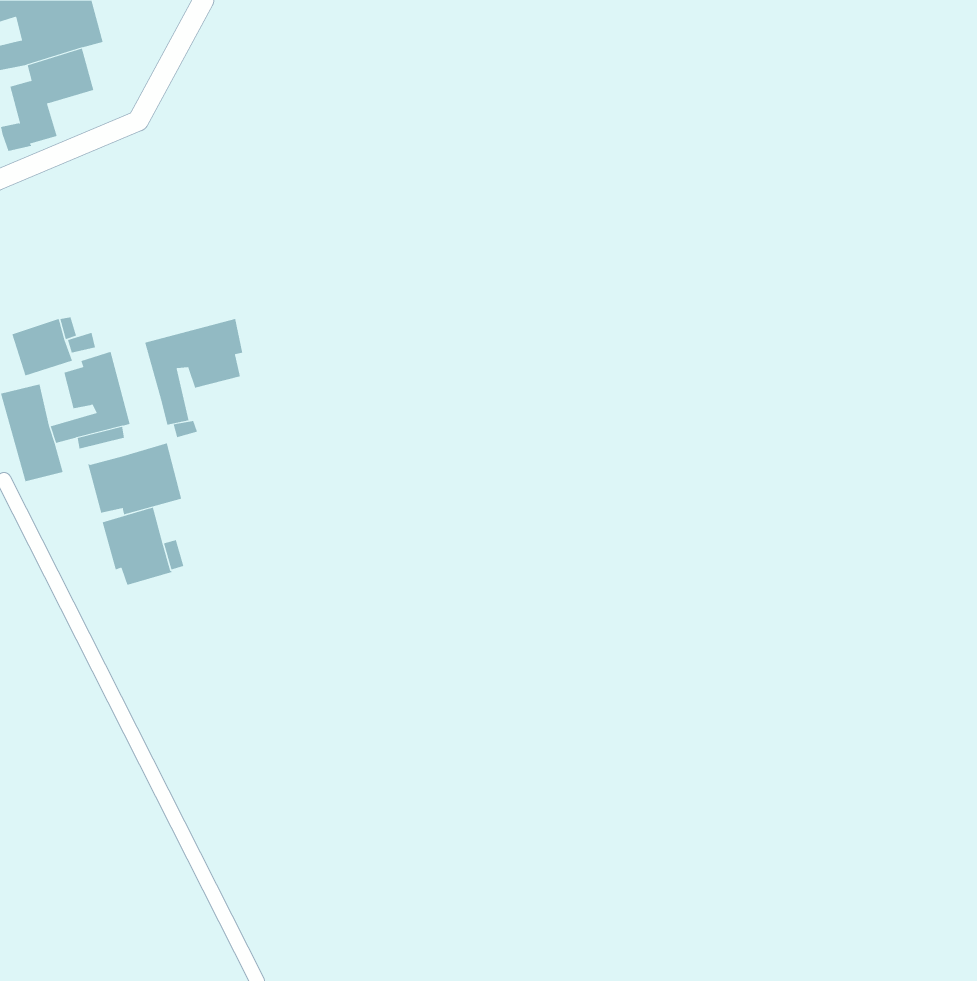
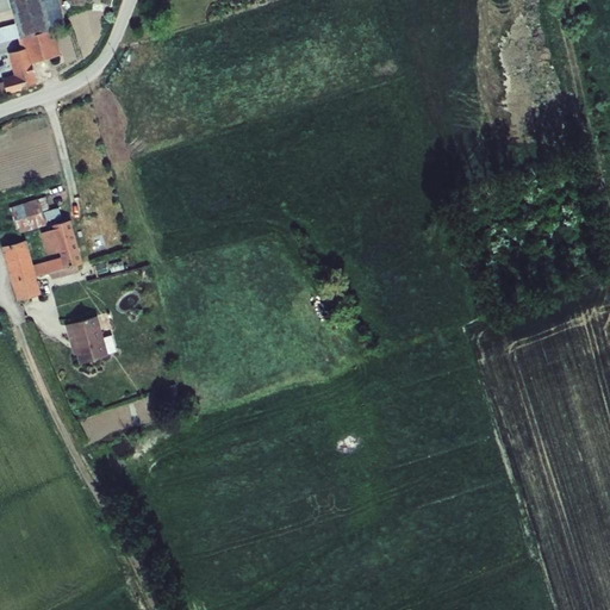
building: [144,318,243,425] -> none
building: [88,443,182,515] -> none

